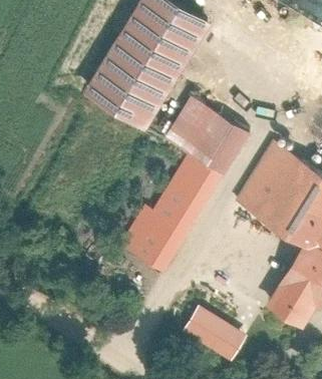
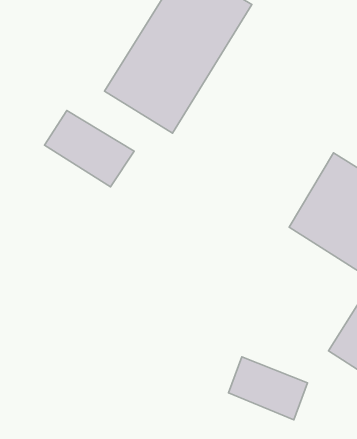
building: [120,99,249,274] -> none
building: none -> [44,111,134,187]

